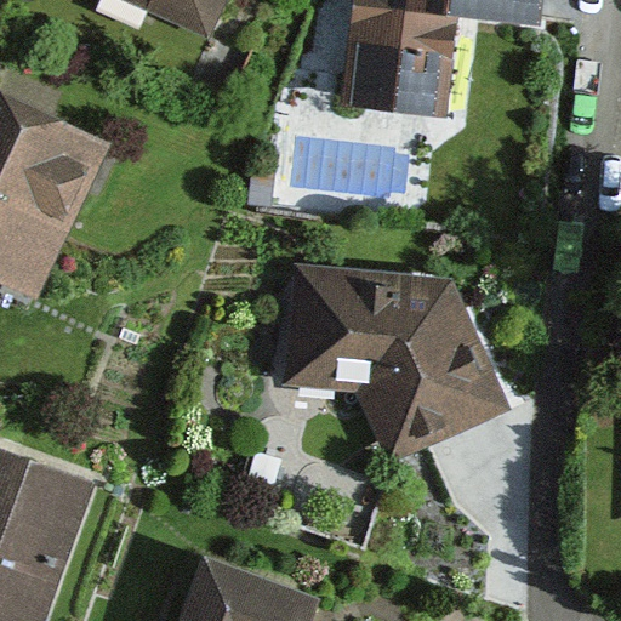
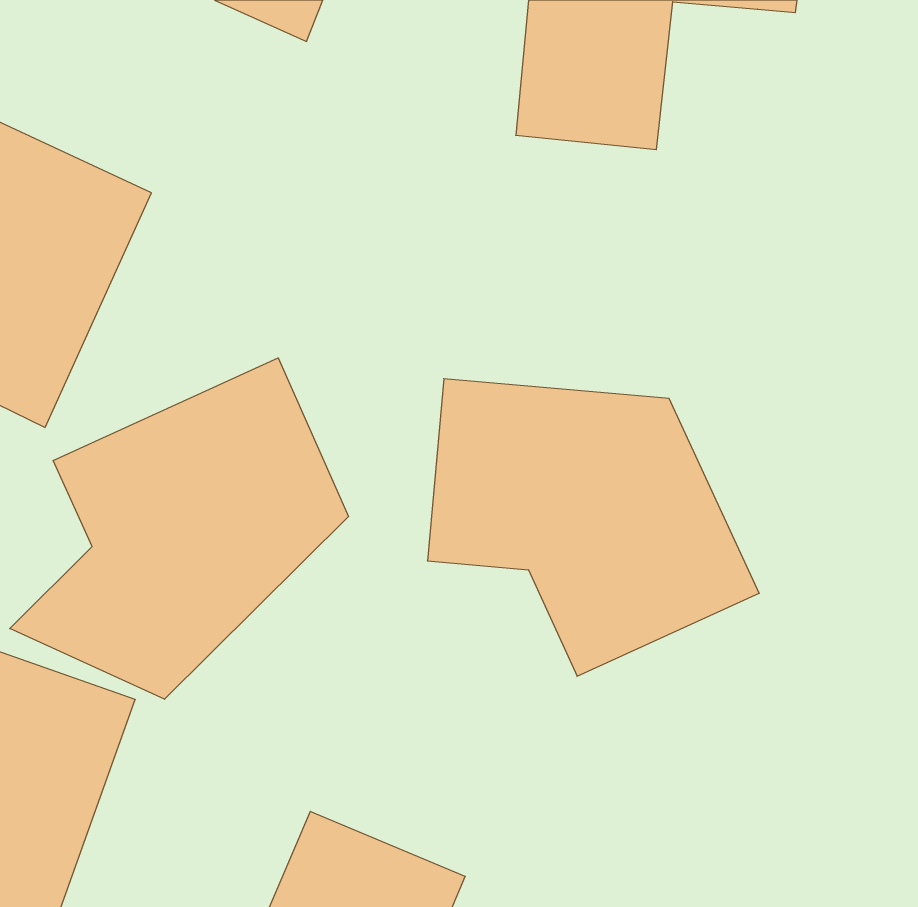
building: none -> [10,358,349,699]

